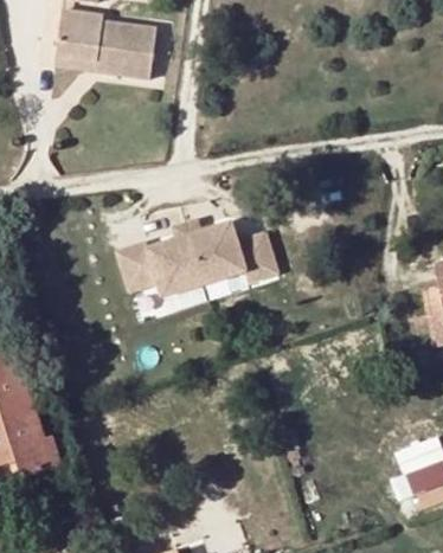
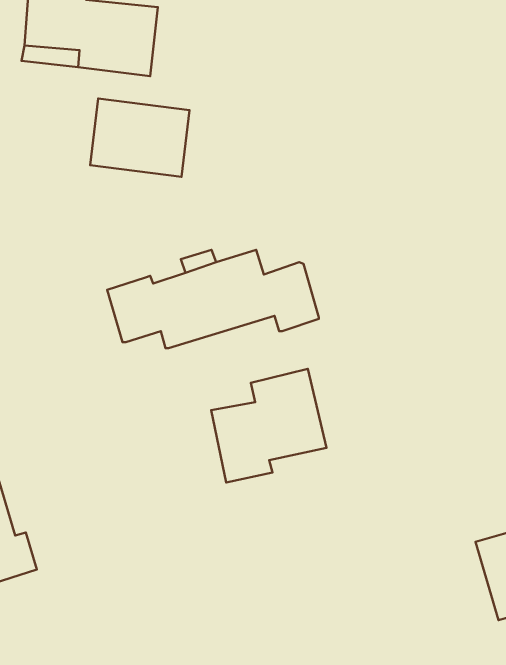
building: none -> [90,98,190,177]
building: none -> [211,369,326,482]

